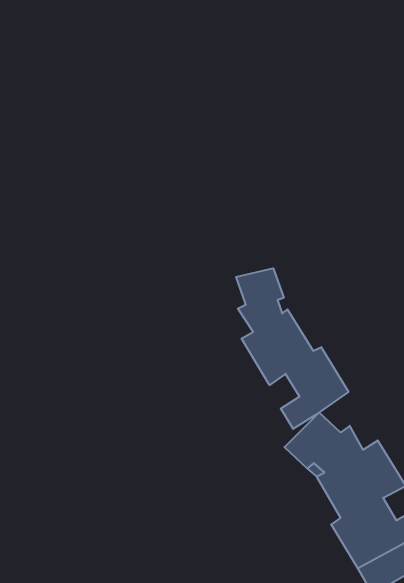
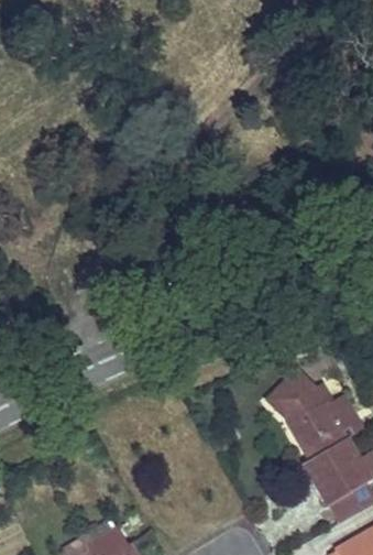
building: [236,268,348,429] -> none

